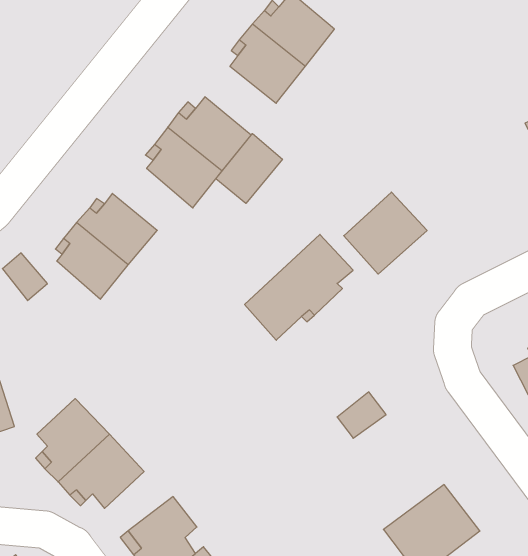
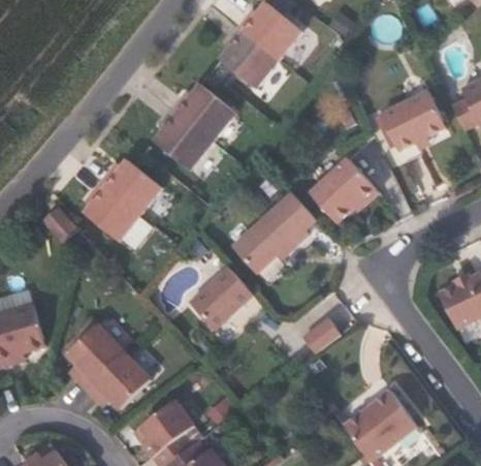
building: none -> [378,91,444,152]
building: [216,134,282,203] -> none
building: none -> [189,268,252,331]

